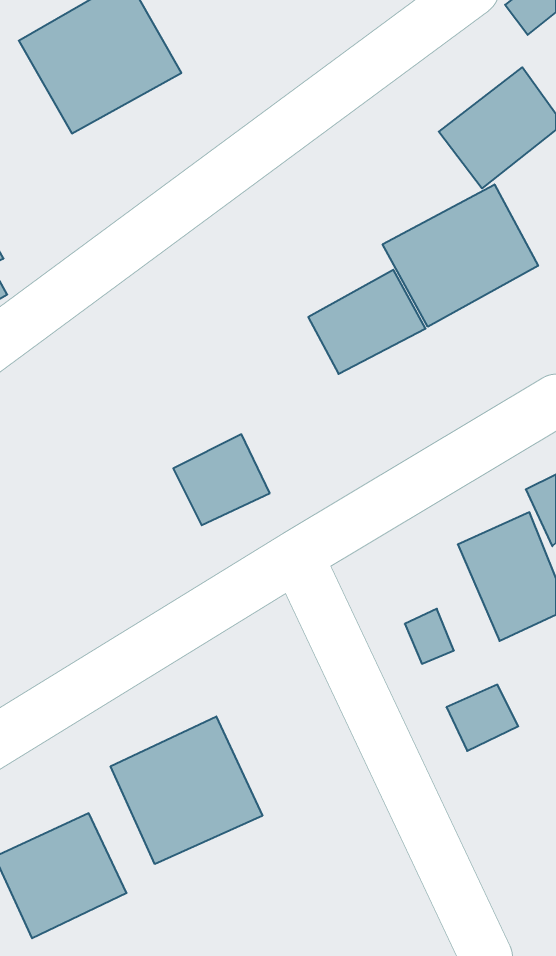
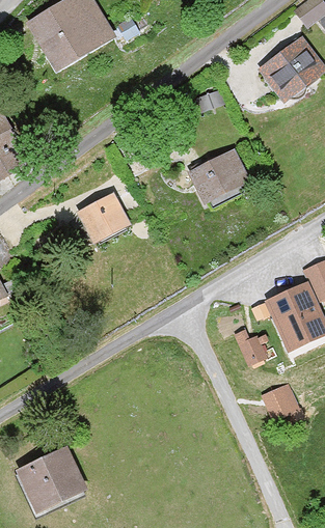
building: [383,184,538,327] -> none
building: [173,434,270,525] -> [77,193,130,243]
building: [111,716,262,864] -> none

